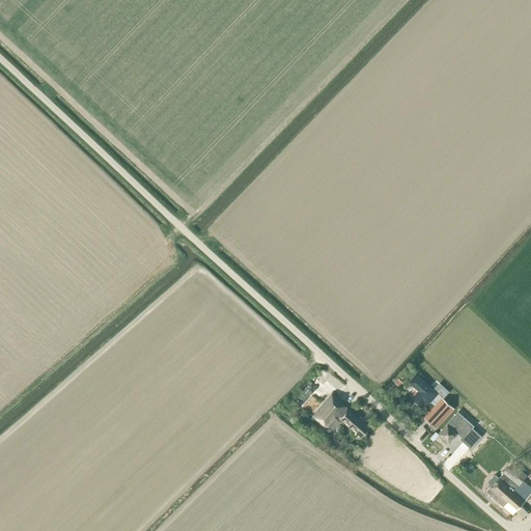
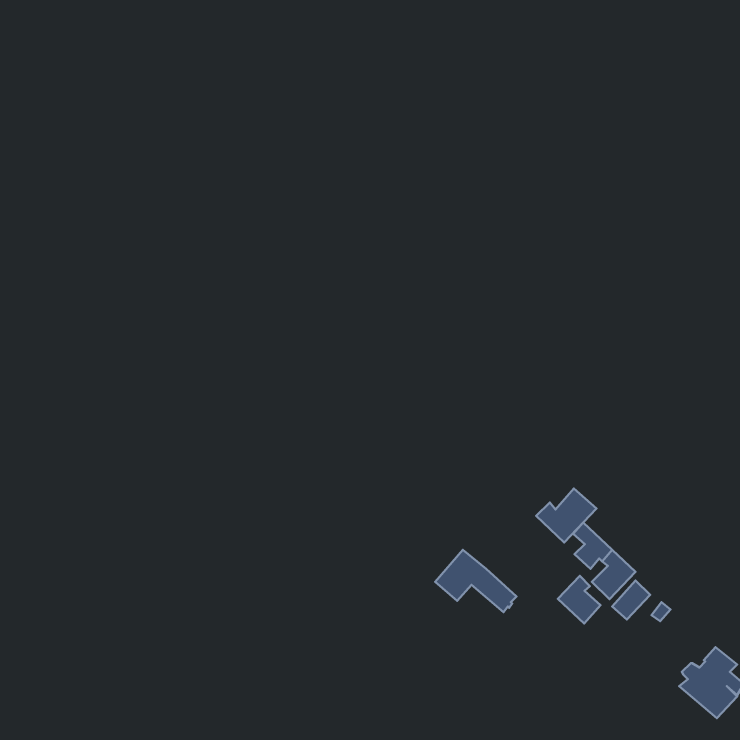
building: none -> [536,489,596,543]
building: none -> [558,576,601,624]

